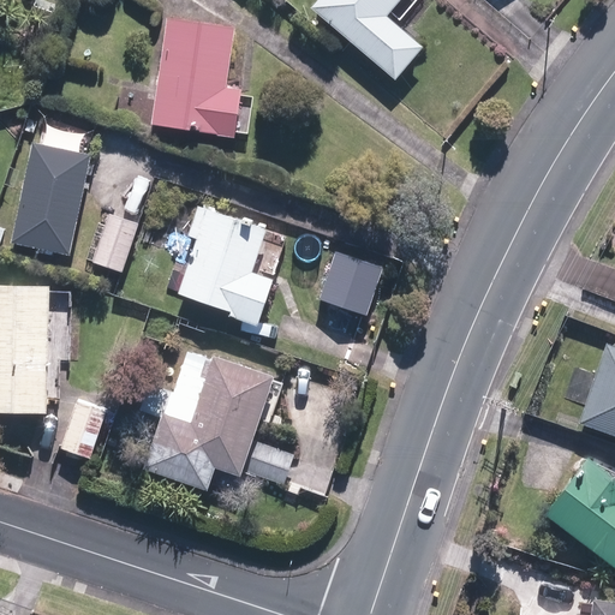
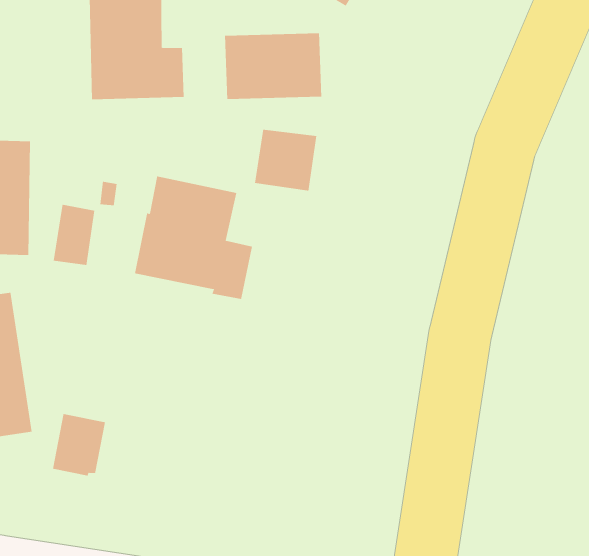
building: none -> [225,33,322,100]
building: [318,255,382,317] -> [254,129,317,191]
building: [144,354,294,490] -> none

